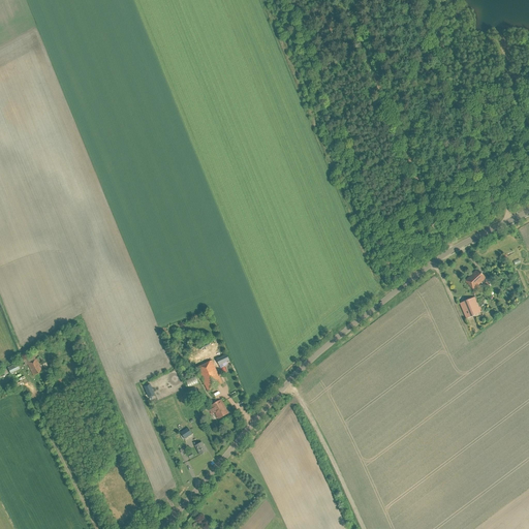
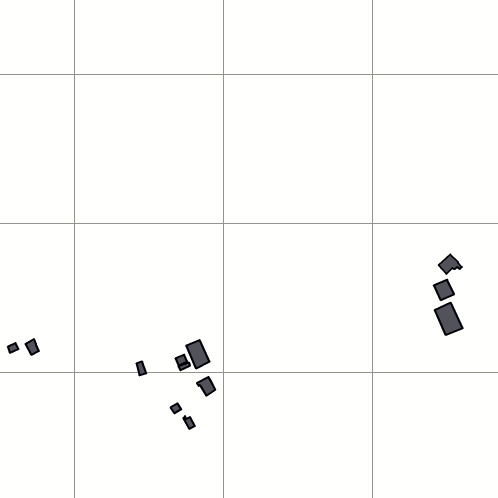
building: none -> [435,303,463,335]

